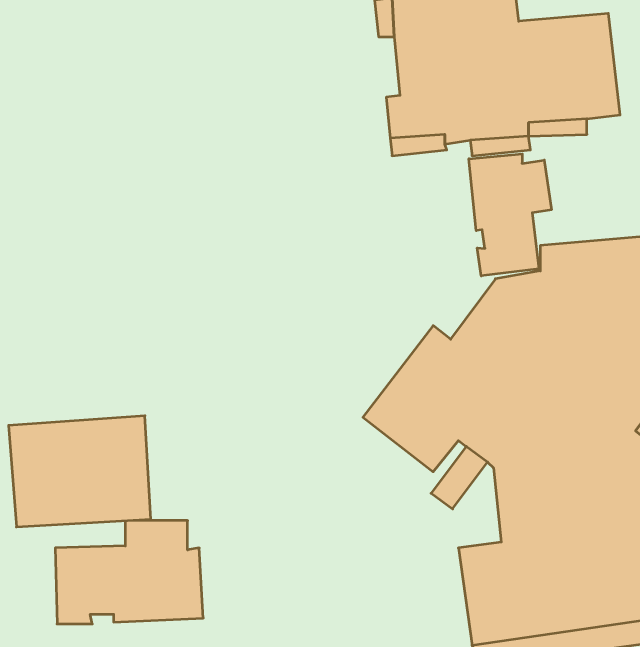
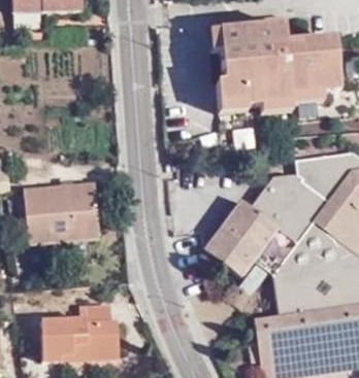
building: [469,154,551,276] -> none
building: [9,416,151,527] -> [24,184,99,243]

